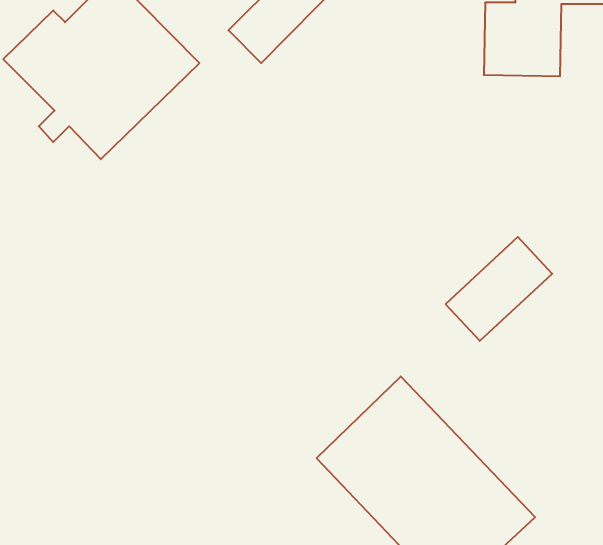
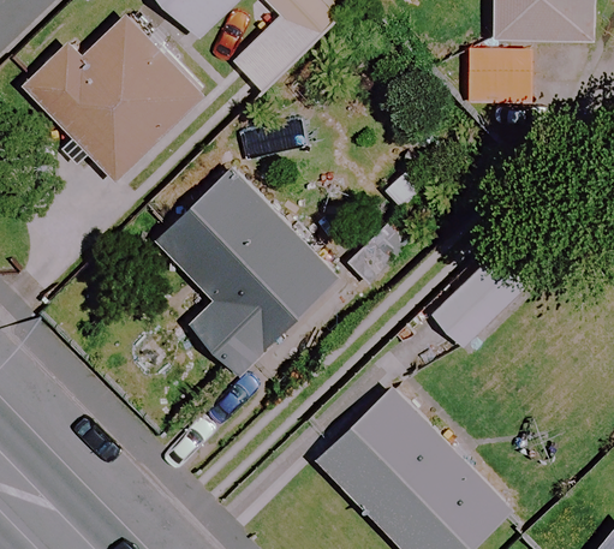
building: none -> [156,168,338,374]

